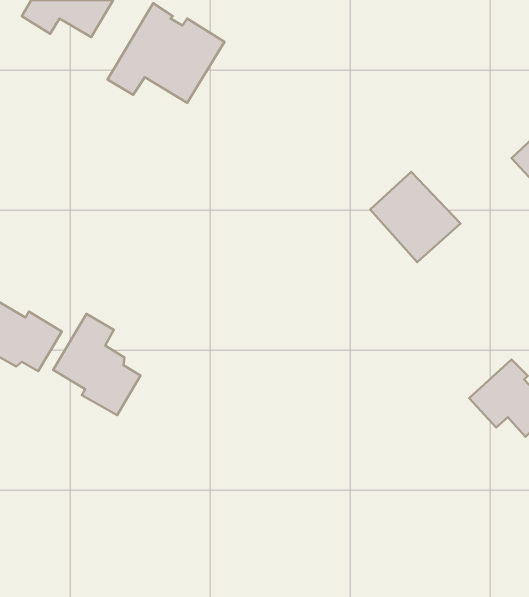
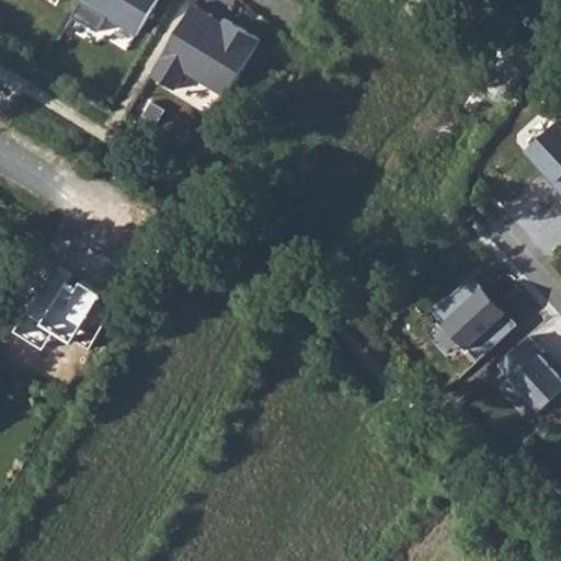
building: [370,172,460,262] -> [434,275,518,359]
building: [53,314,141,415] -> none

